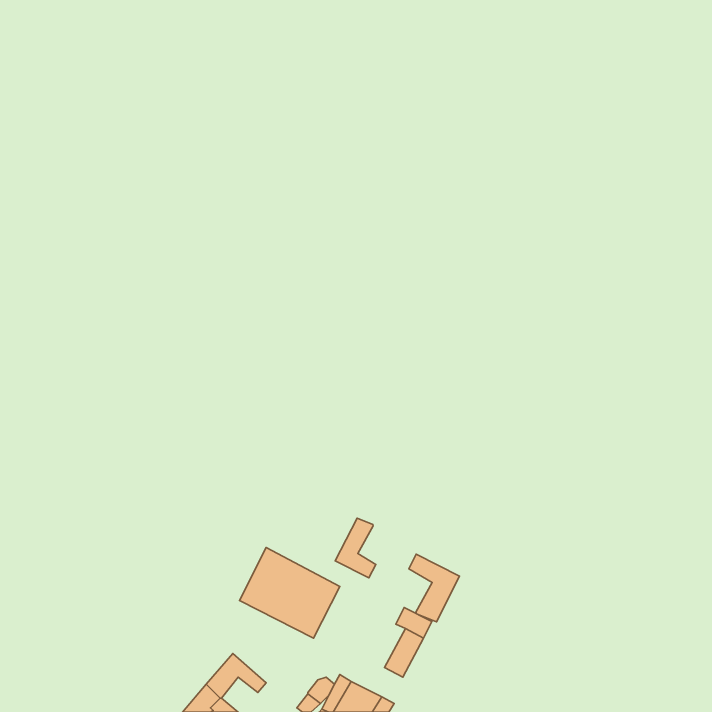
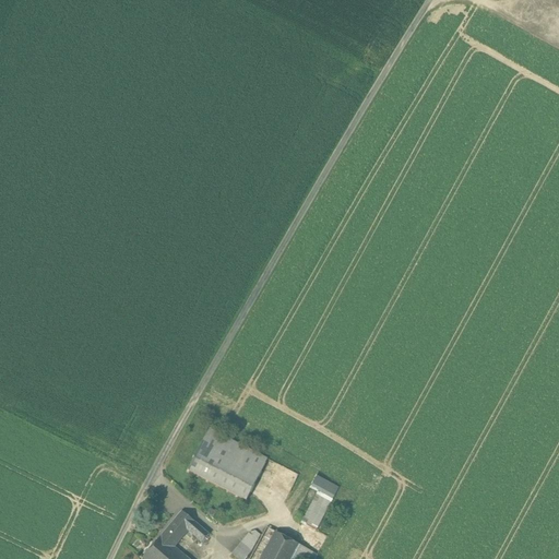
building: [335,518,376,578] -> none
building: [409,554,460,622] -> none

